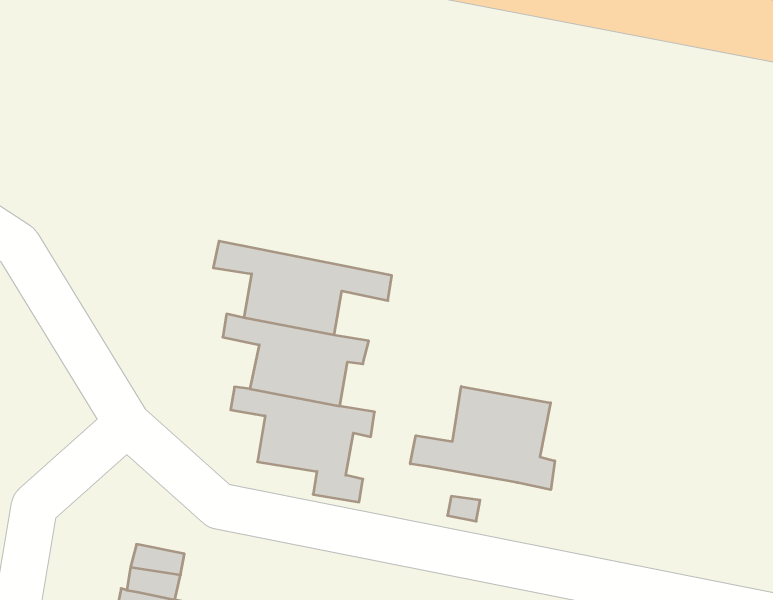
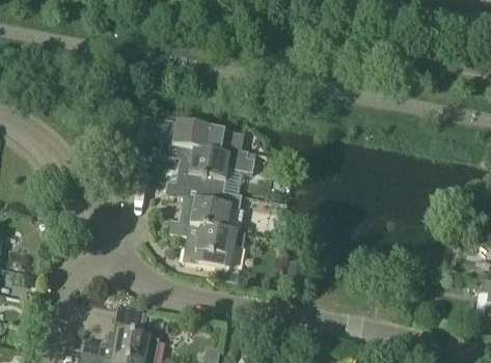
building: none -> [161,122,248,159]
building: [410,386,555,490] -> none

